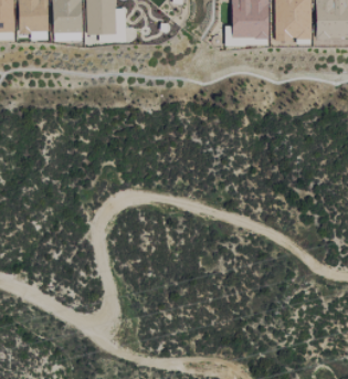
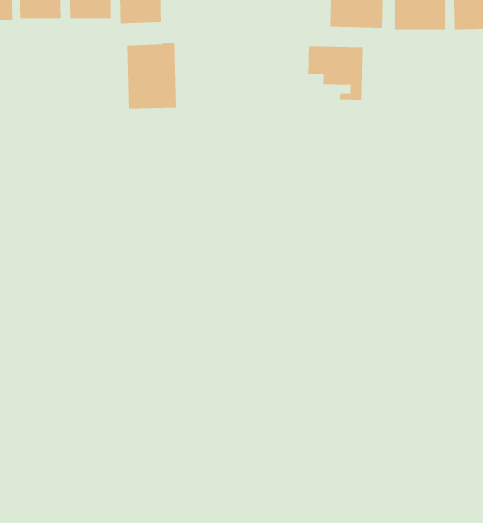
building: none -> [127,42,176,110]
building: none -> [308,45,363,101]

